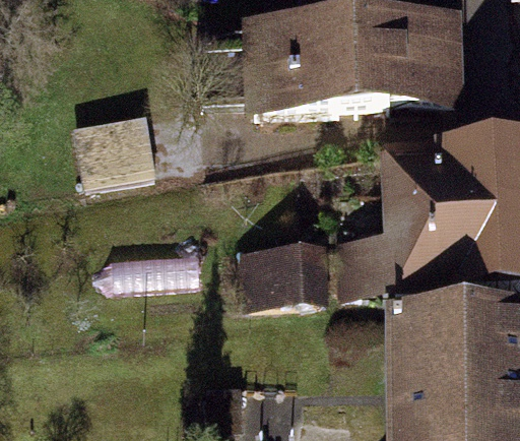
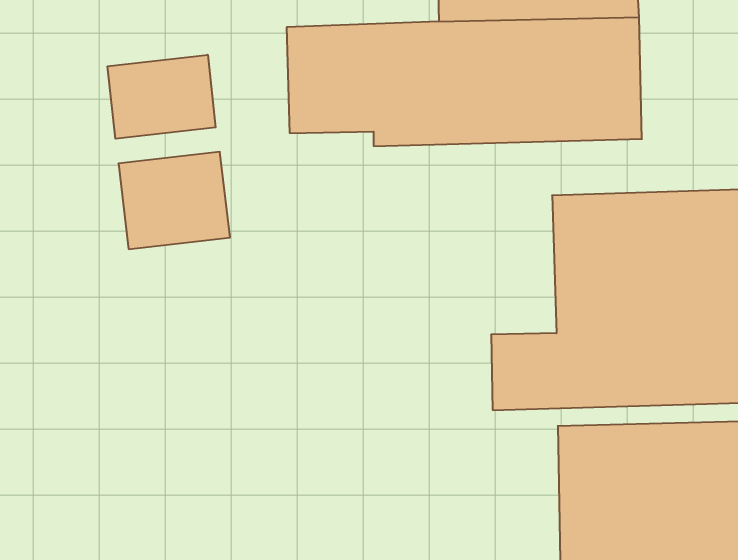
building: none -> [108,55,216,139]
building: [242,247,334,310] -> none

